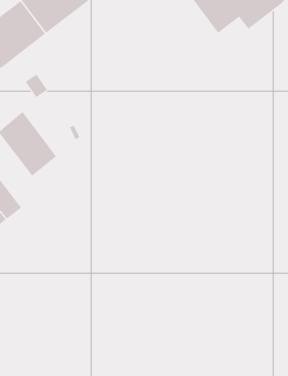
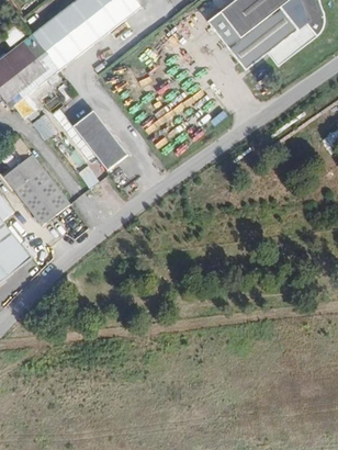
building: none -> [79,115,133,175]

